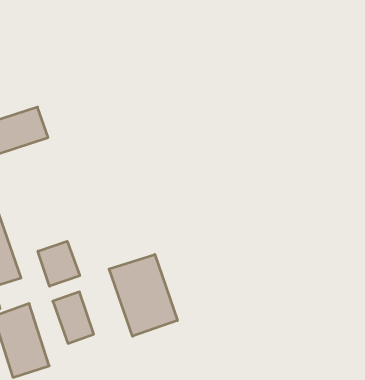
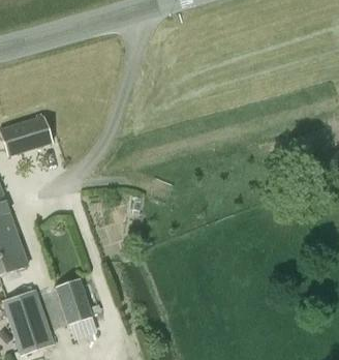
building: [38,241,80,286] -> none
building: [109,254,177,336] -> none

